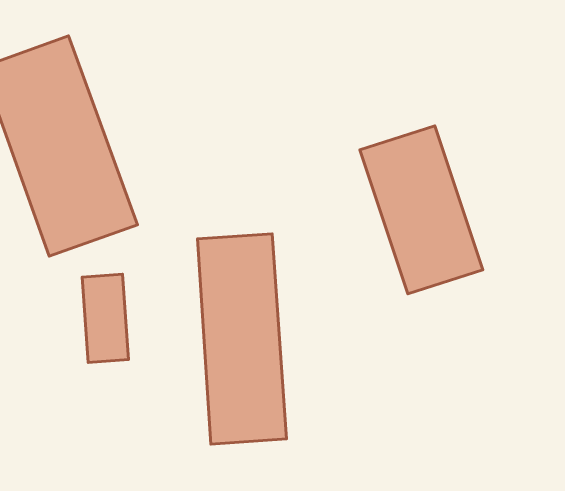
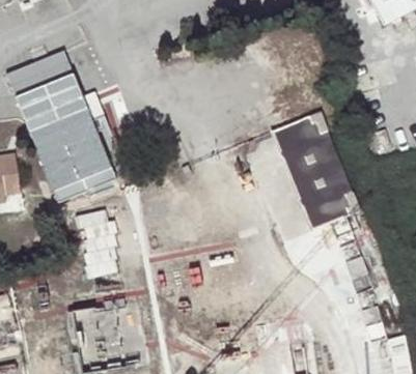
building: [197,234,287,444] -> none

